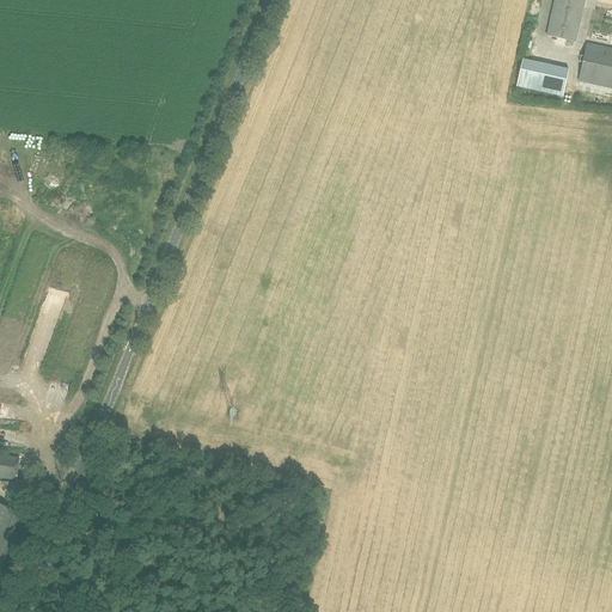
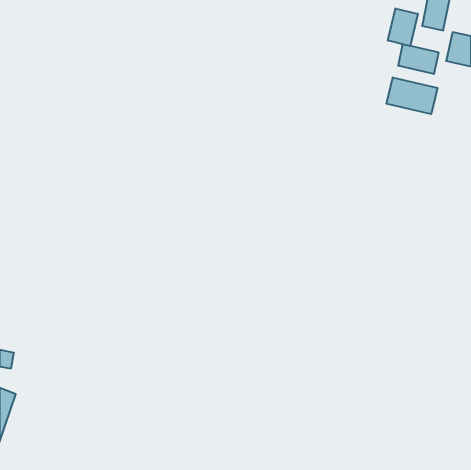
building: none -> [388,8,418,46]
building: none -> [386,77,438,114]

